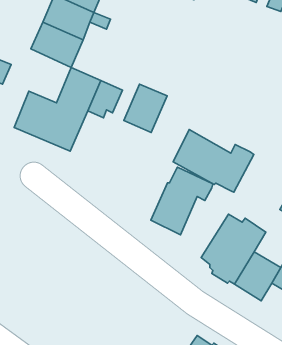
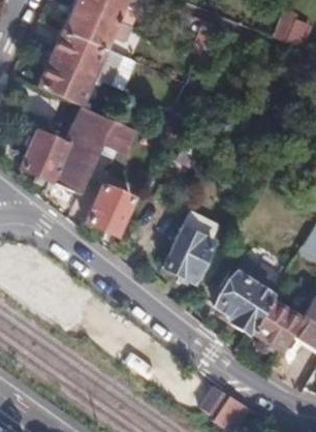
building: [124,84,167,132] -> [88,185,133,236]
building: [173,130,254,192] -> none

